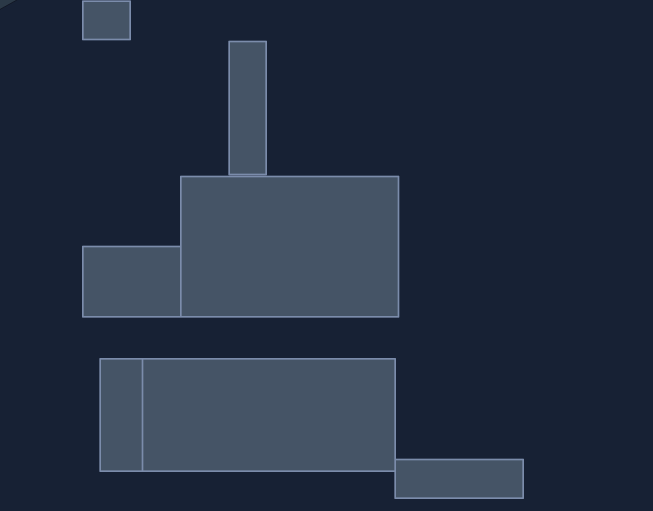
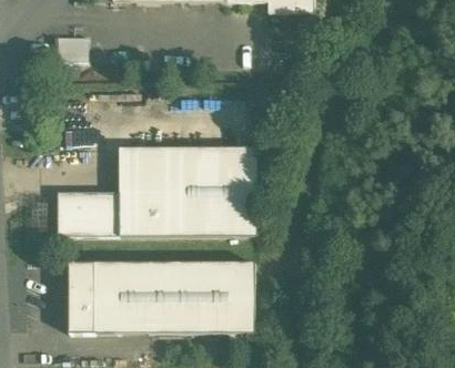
building: [229,42,266,174] -> none
building: [395,460,523,498] -> none

